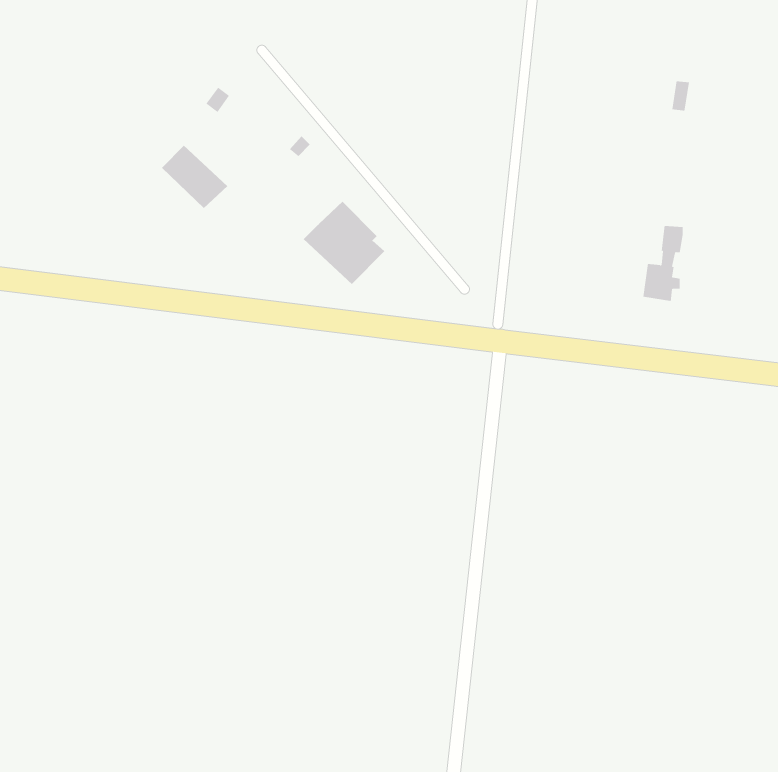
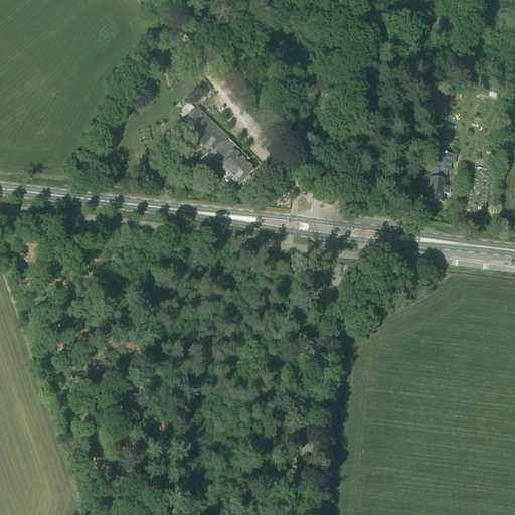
building: [161,145,228,209] -> [182,106,226,148]

